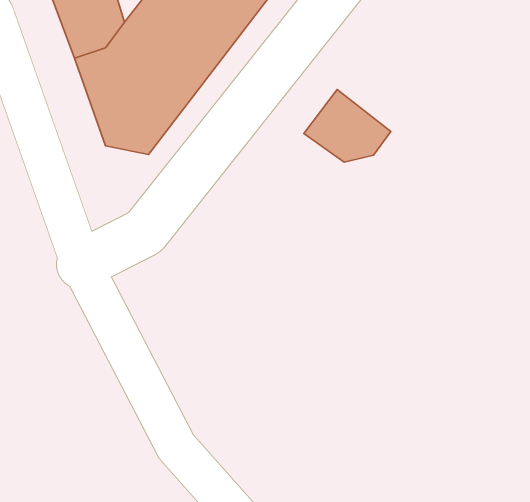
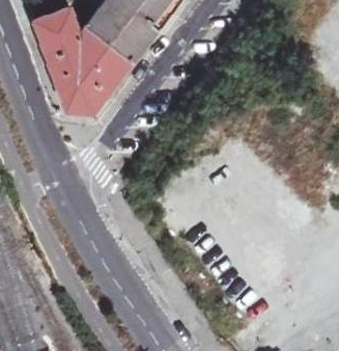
building: [304,90,391,162] -> none

